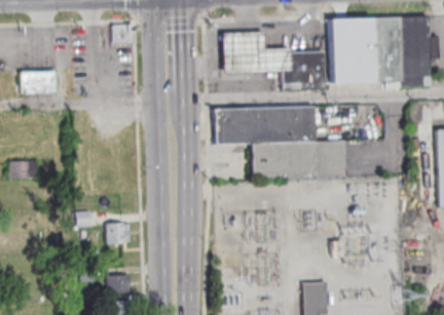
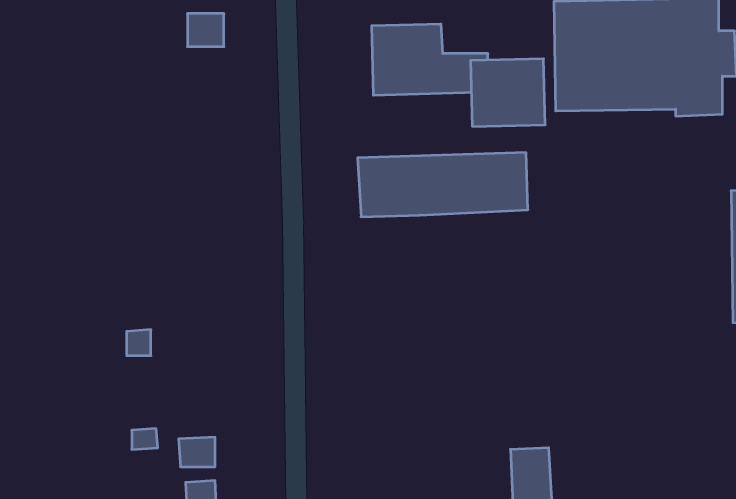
building: [22,72,58,93] -> none
building: [251,141,344,179] -> none
building: [11,161,39,180] -> none
building: [106,223,131,244] -> none

